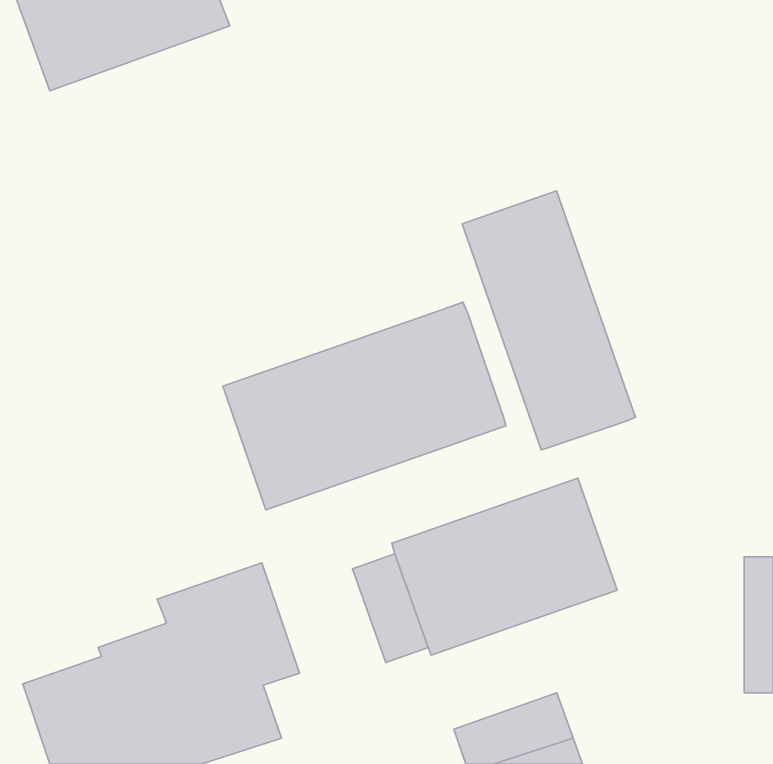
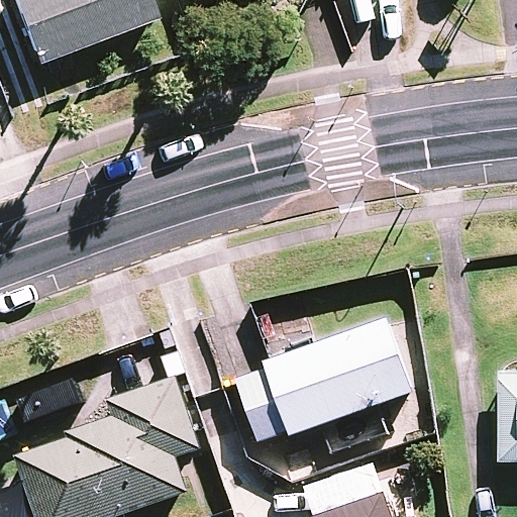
building: [462,191,635,450] -> none
building: [223,302,506,510] -> none

